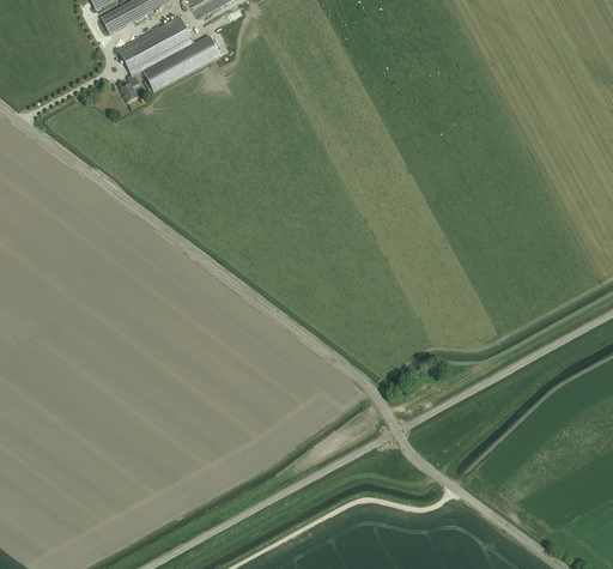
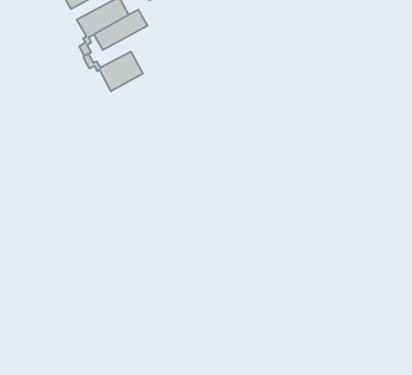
building: none -> [83,52,143,91]

